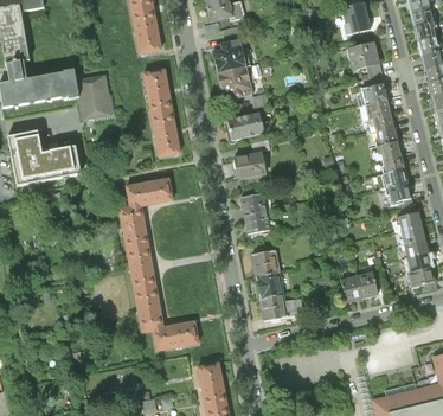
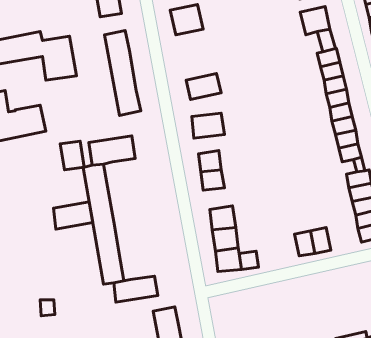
building: [217,65,251,97] -> none
building: none -> [60,141,84,170]
building: none -> [53,202,93,229]

